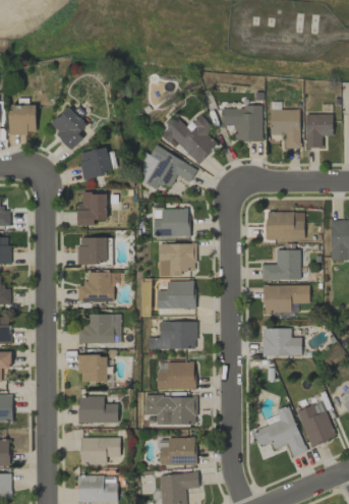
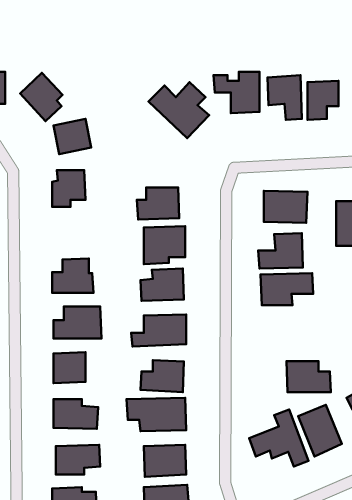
building: [135,147,198,190] -> none
building: [78,237,109,265] -> none
building: [263,329,302,356] -> [286,361,331,392]

